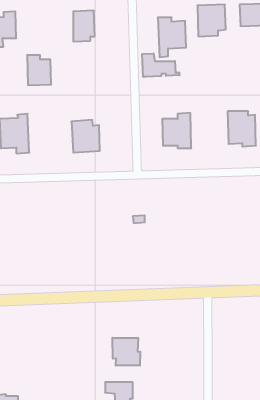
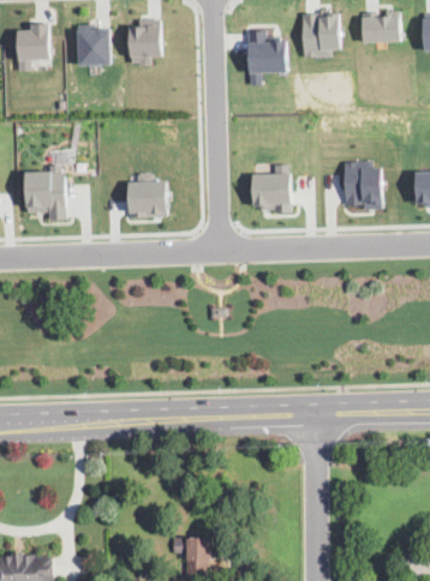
building: [142,53,179,77] -> none
building: [27,55,51,85] -> [76,23,109,65]
building: [112,338,140,366] -> none

